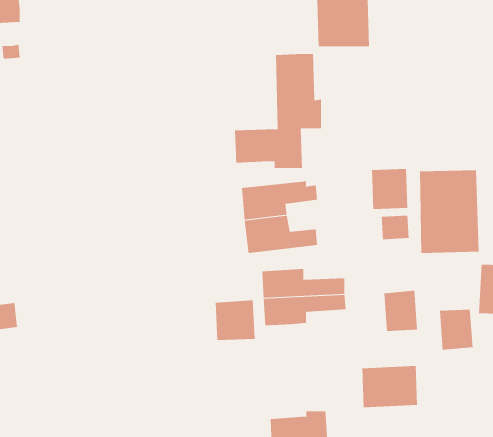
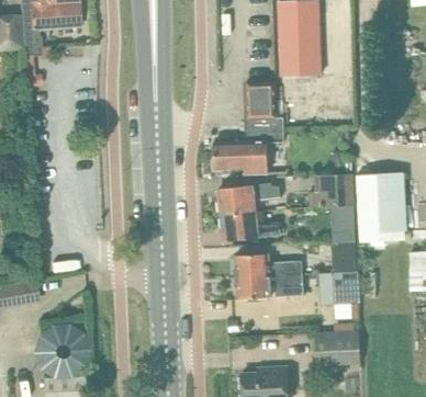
building: [215,299,255,341] -> none
building: [439,309,473,350] -> [329,240,357,273]
building: none -> [35,326,89,376]

